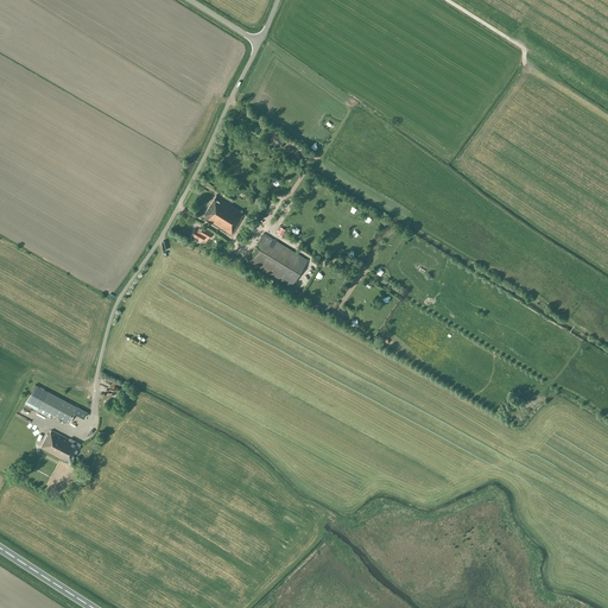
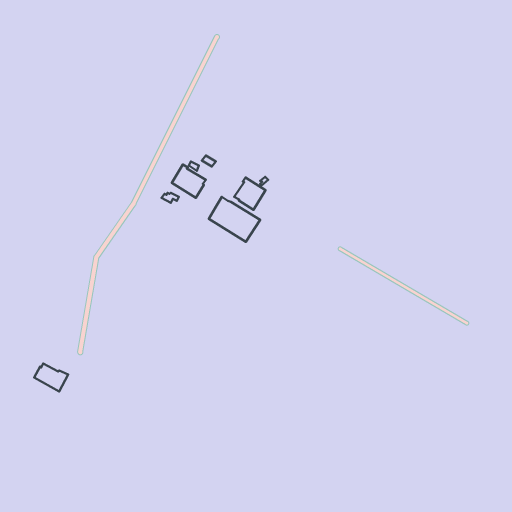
building: none -> [234,177,266,210]
building: [27,386,78,424] -> none

